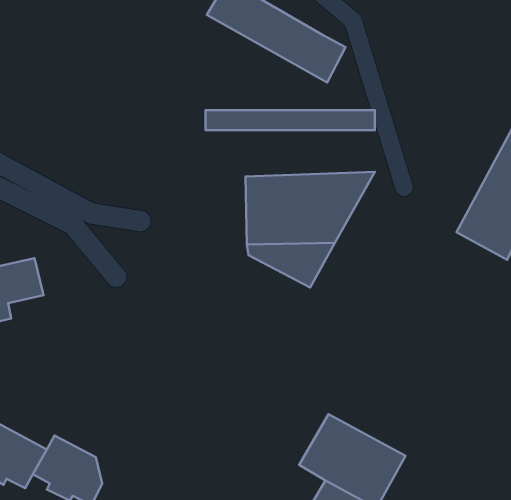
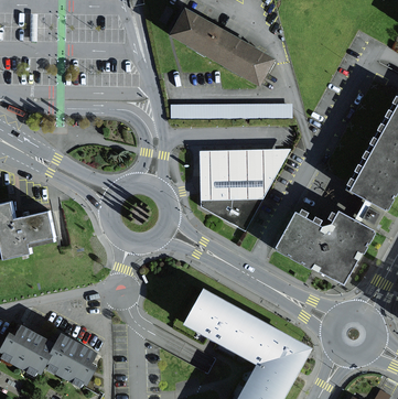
building: none -> [280,208,378,282]
building: none -> [182,289,258,356]

